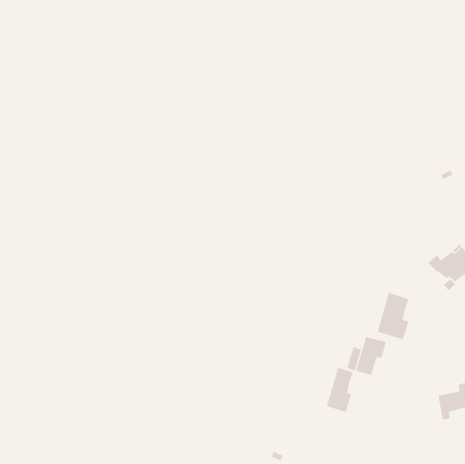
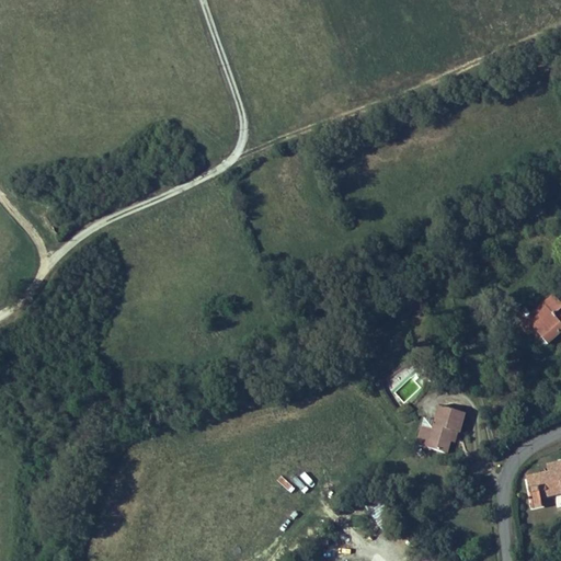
building: [377,292,409,340] -> none
building: [326,367,353,413] -> none

